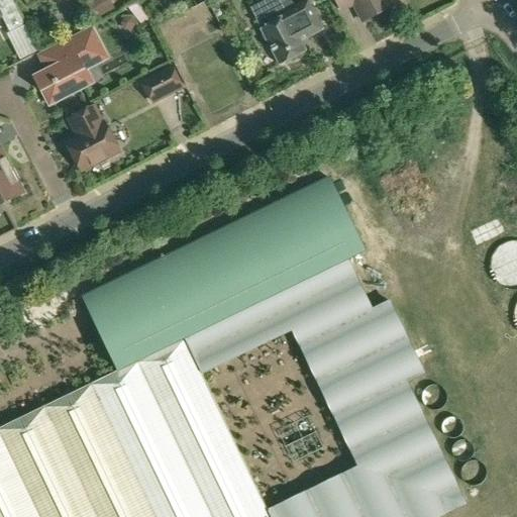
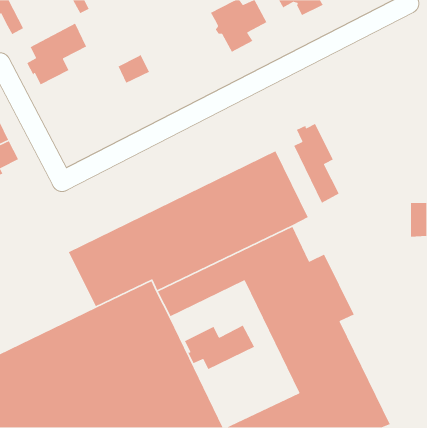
building: [66,104,118,170] -> none
building: none -> [293,123,340,204]
building: none -> [184,325,255,370]

